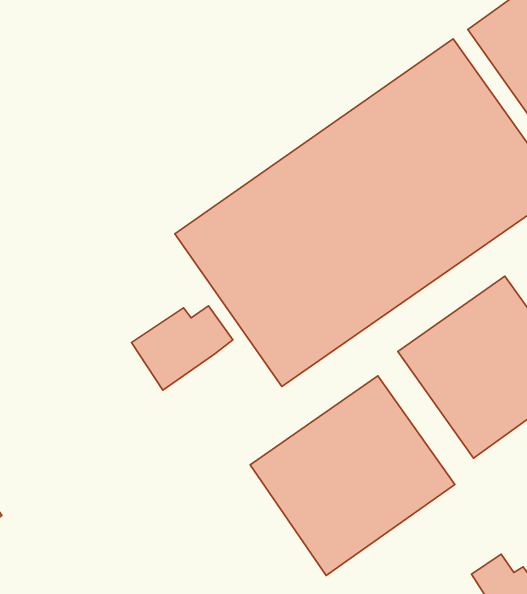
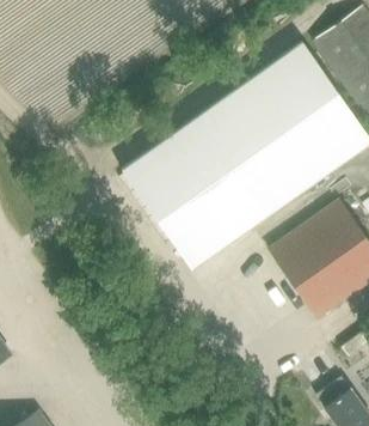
building: [132,306,233,390] -> none
building: [250,376,455,575] -> none

